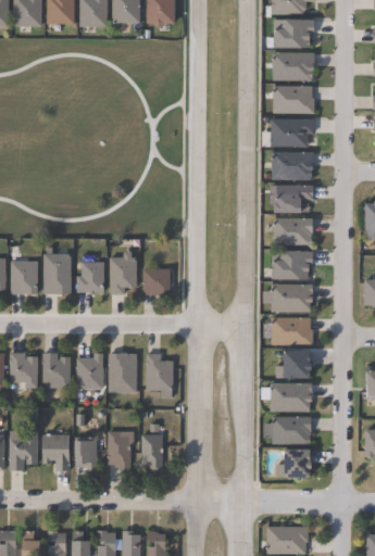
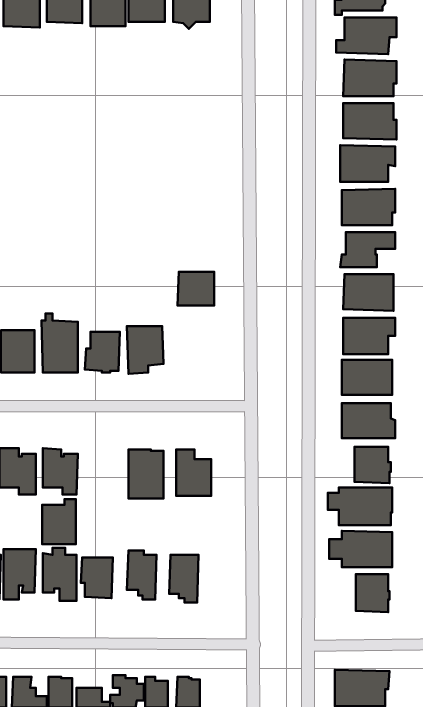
building: [140,269,168,295] -> [178,272,214,305]
building: [76,354,102,389] -> [42,499,76,544]

